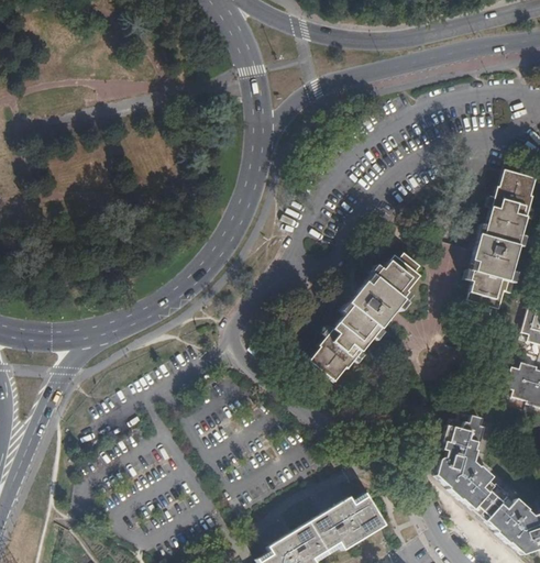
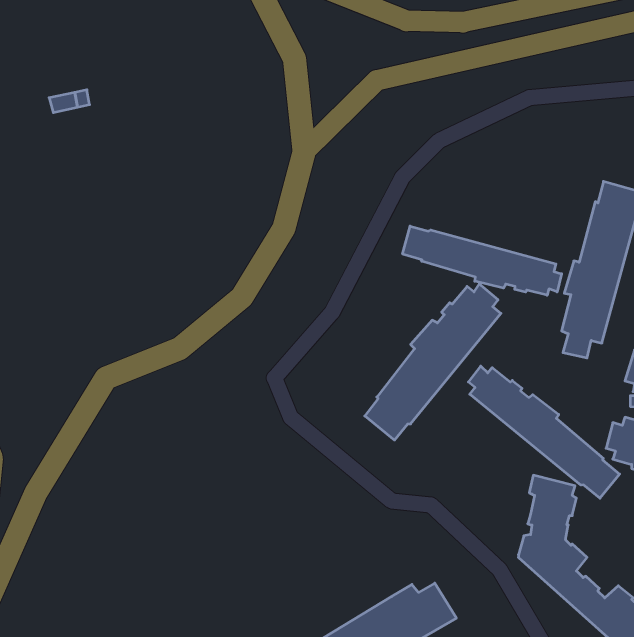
building: none -> [403,226,562,295]
building: none -> [468,366,620,498]

